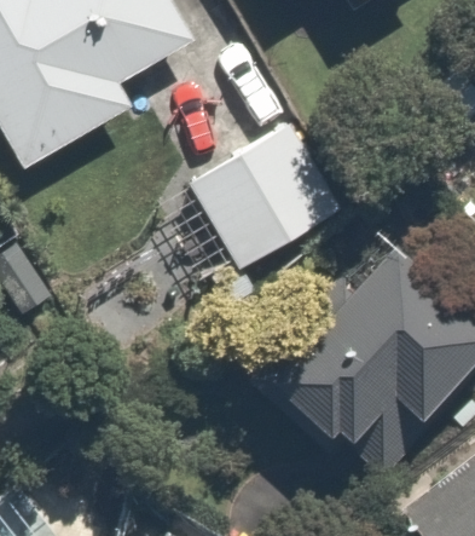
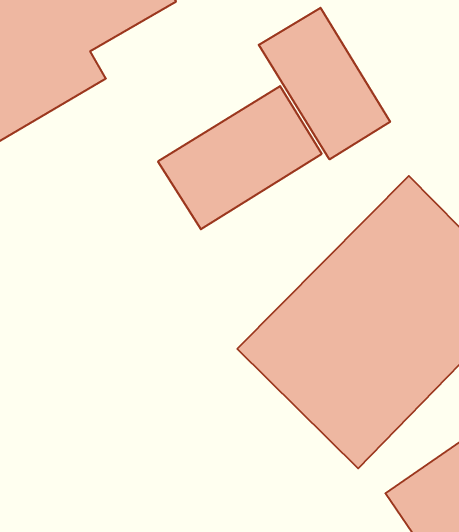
building: none -> [259,8,390,159]

